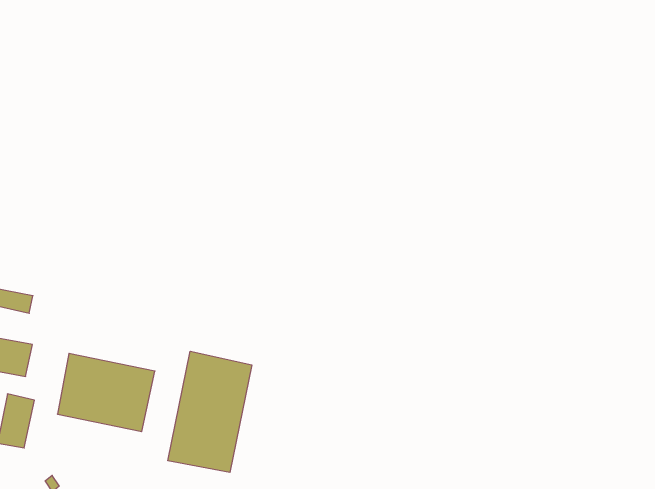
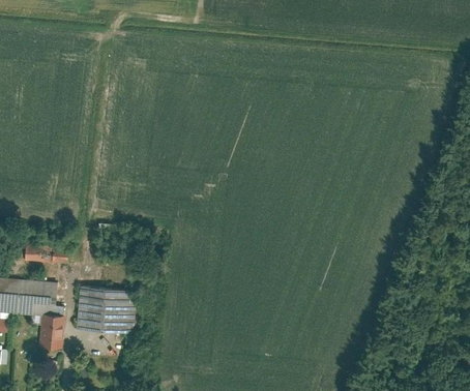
building: [168,351,252,472] -> none

